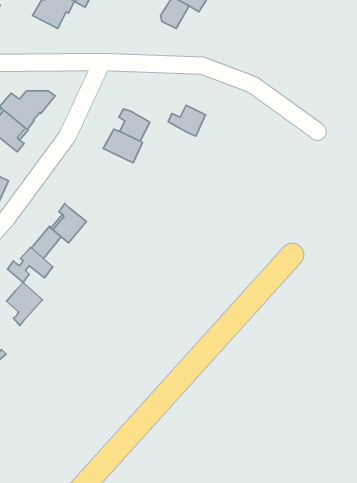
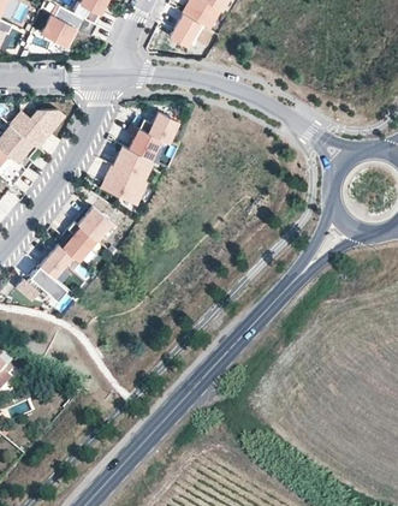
building: [168,105,205,136] -> [139,112,177,143]
building: none -> [101,166,145,204]
building: none -> [77,207,111,240]
building: [7,282,43,325] -> none

